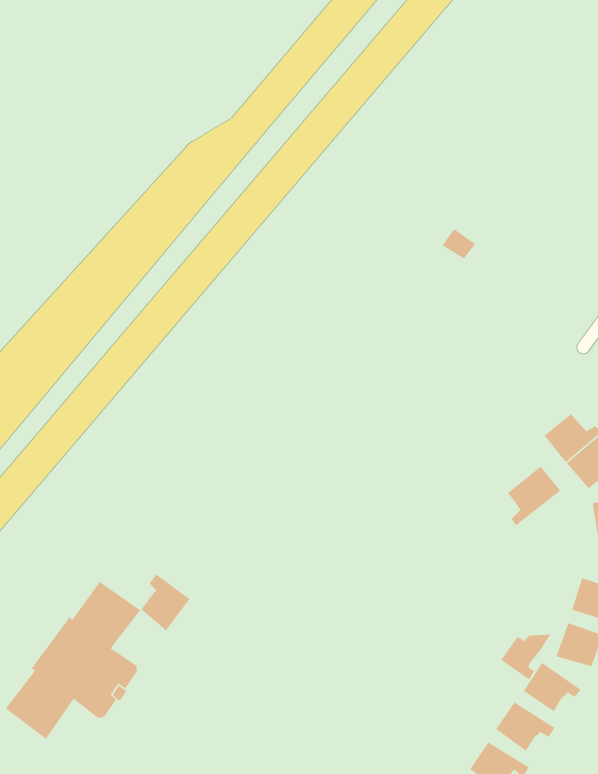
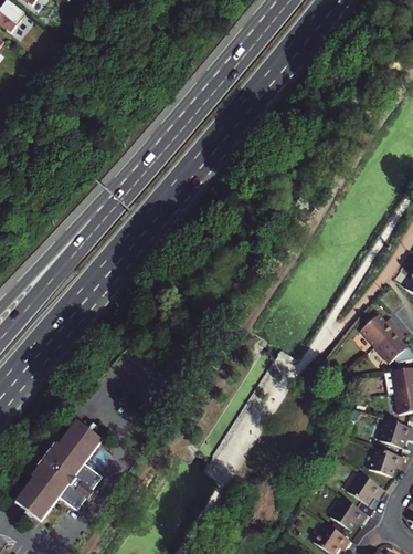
building: [507,466,561,527] -> none
building: [141,573,190,632] -> none
building: [500,634,552,681] -> none

